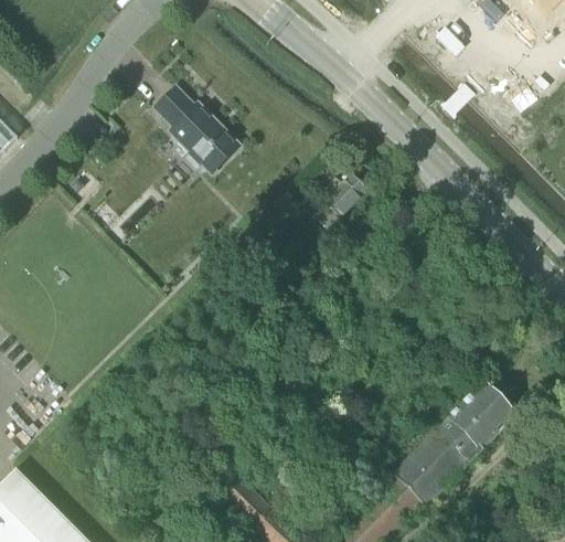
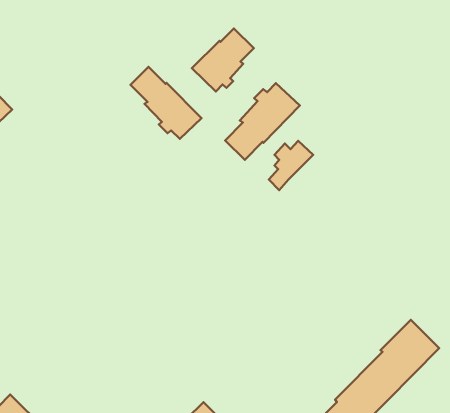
building: none -> [192,28,254,91]
building: none -> [225,83,300,160]

